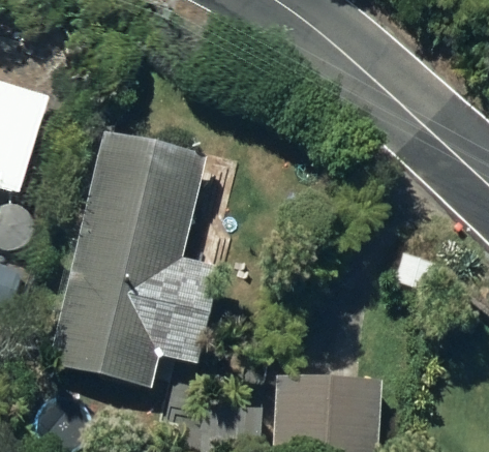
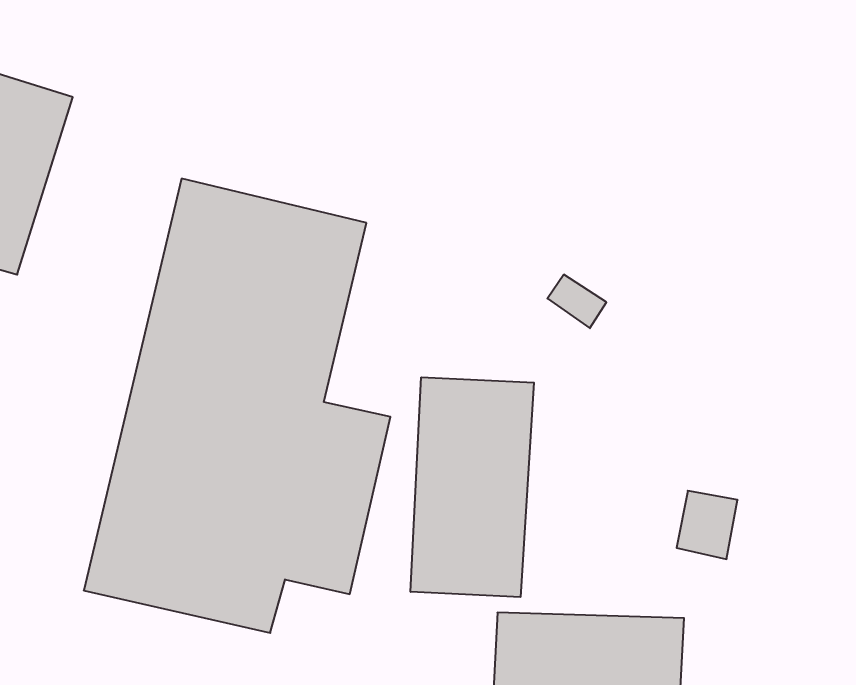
building: none -> [411,377,534,597]

